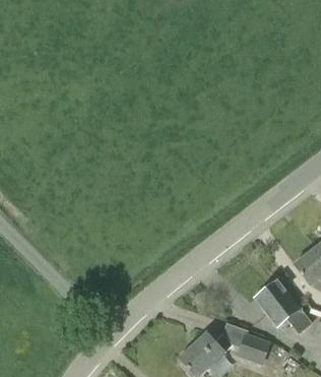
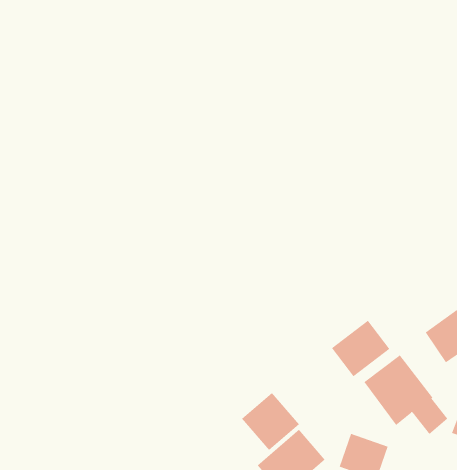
building: none -> [331,320,390,377]
building: none -> [241,392,300,451]

